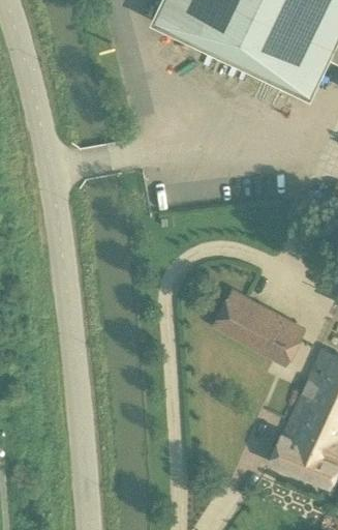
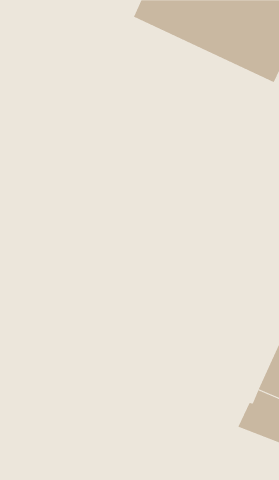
building: [211,290,305,366] -> none

